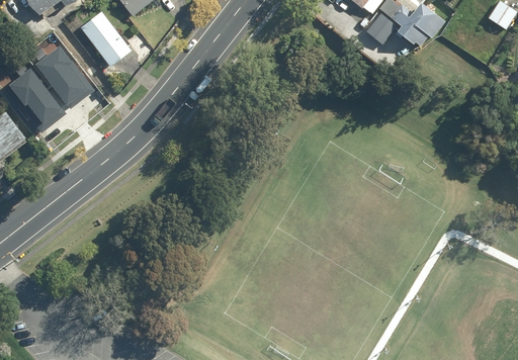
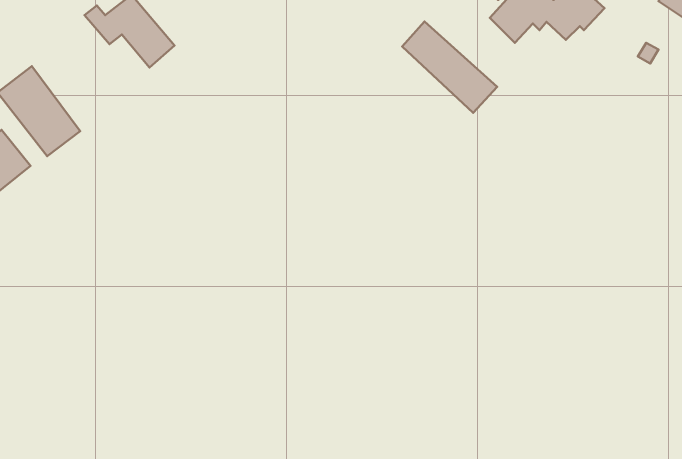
building: none -> [402,21,497,113]
building: [34,41,95,107] -> none

